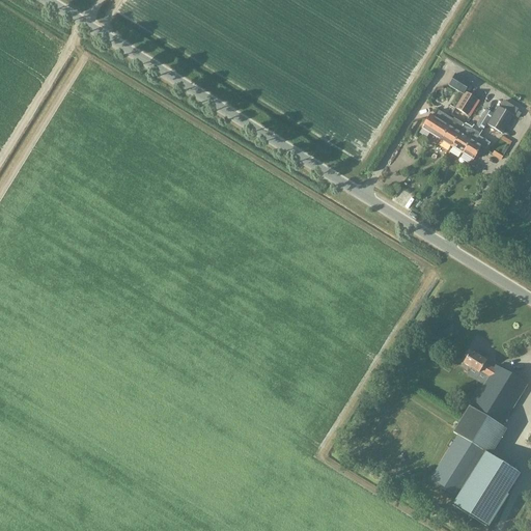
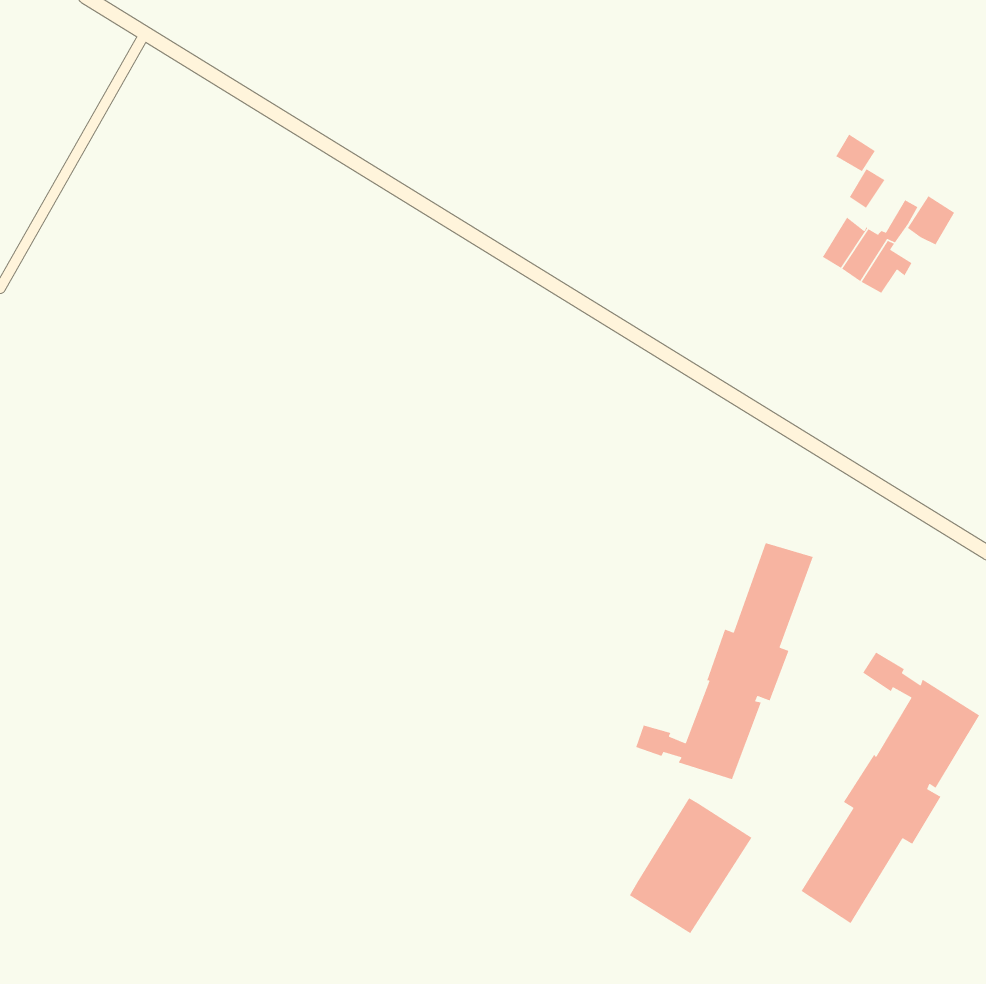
building: [422,109,455,138] -> none
building: none -> [635,542,814,780]
building: [453,450,520,524] -> [629,797,753,934]

